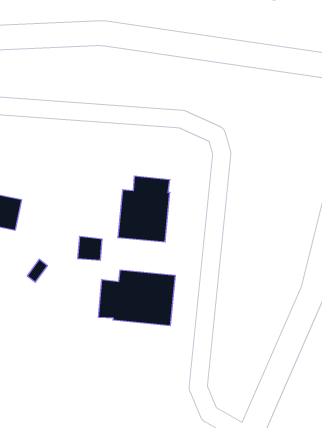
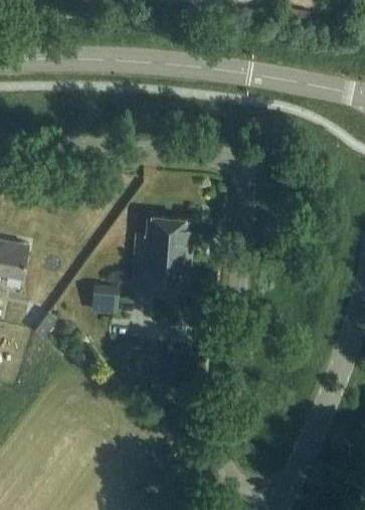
building: [99,270,175,326] -> none

